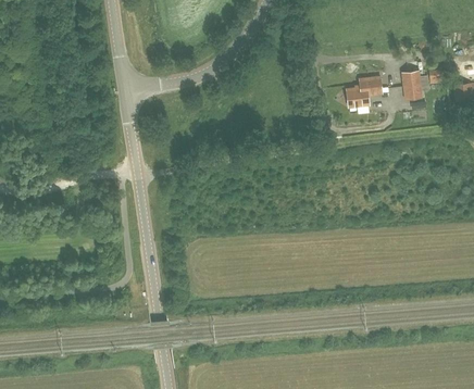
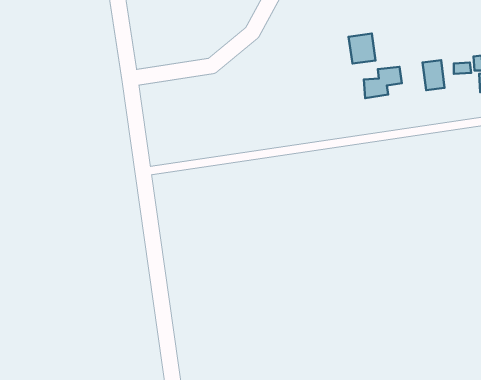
building: none -> [349,33,376,64]

